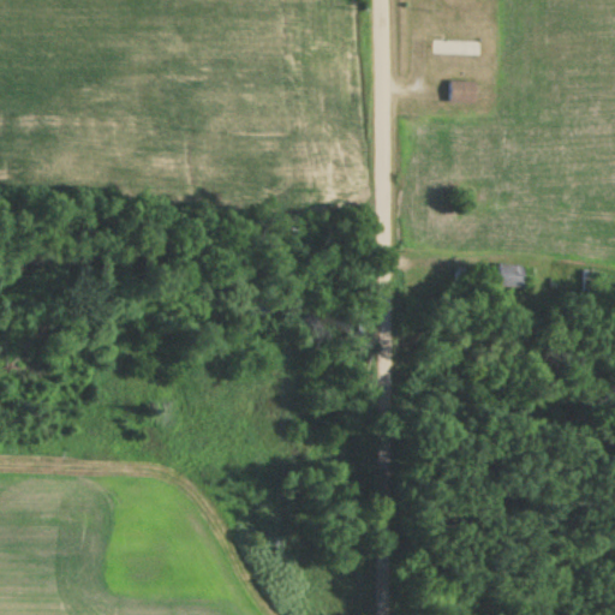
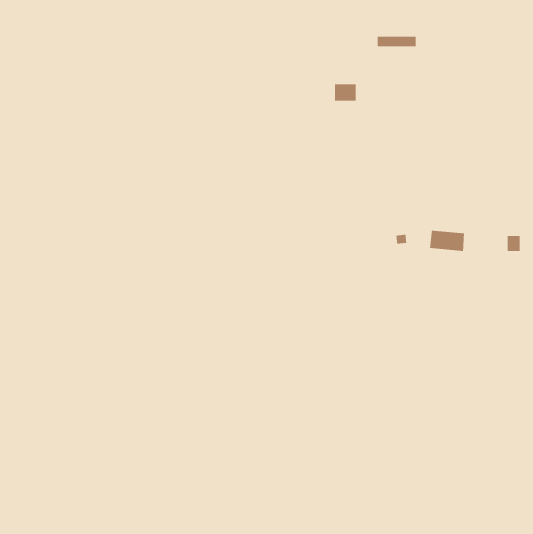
building: [450,82,476,102] -> [334,83,356,101]

